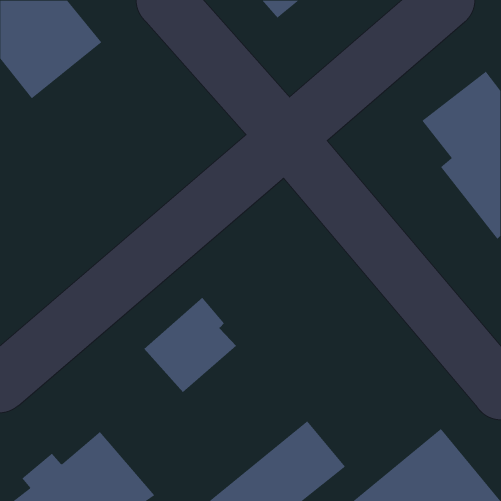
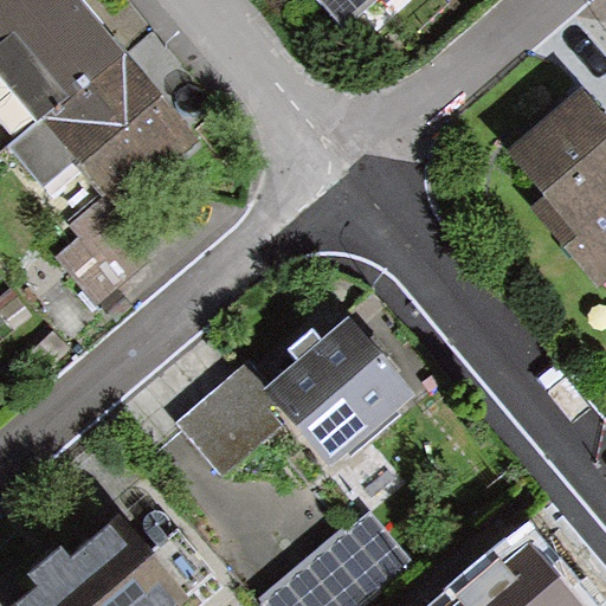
building: none -> [12,52,204,296]
building: none -> [265,320,414,470]

